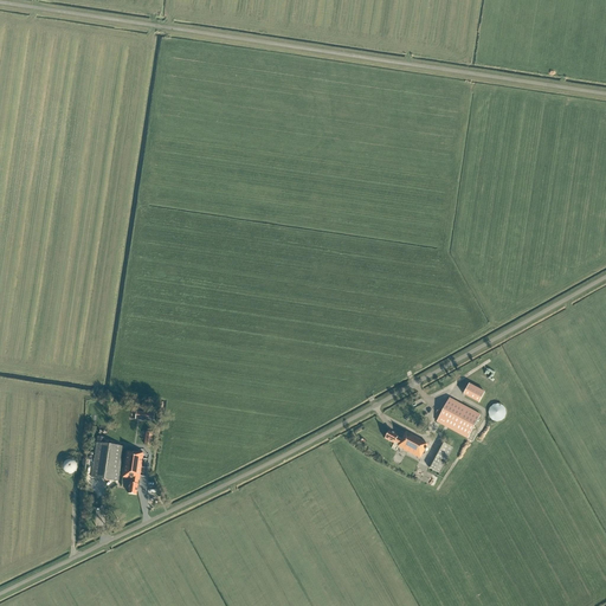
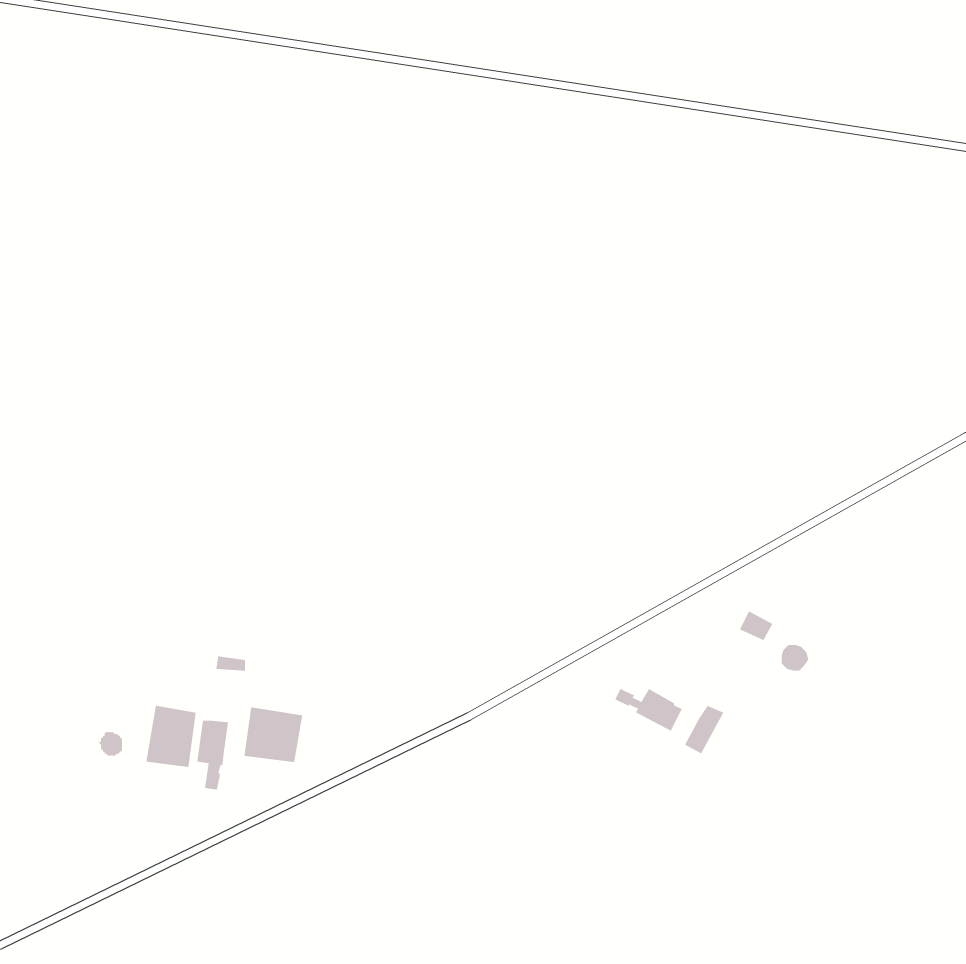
building: [437,397,481,438] -> none
building: none -> [244,706,303,763]

